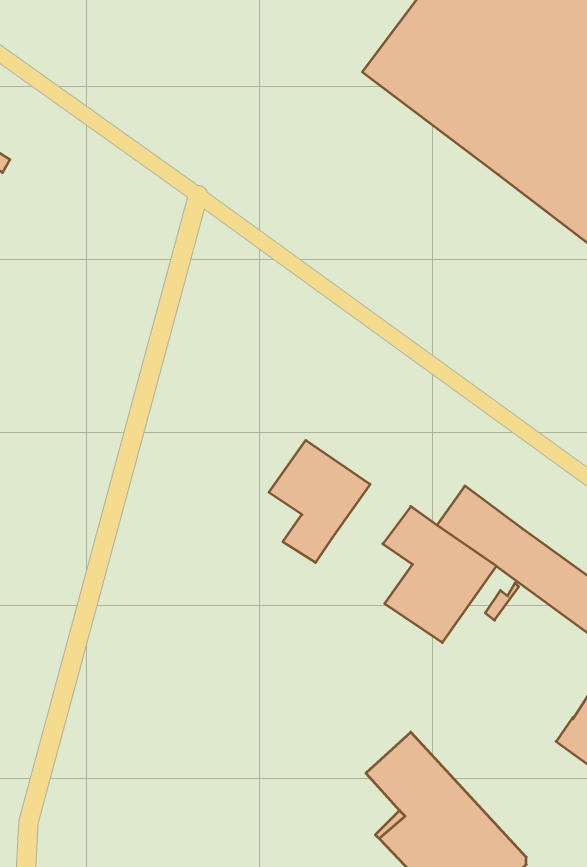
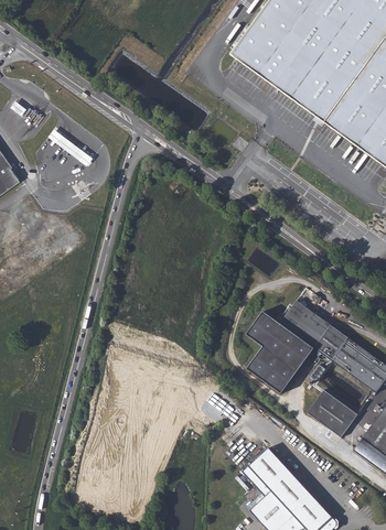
building: [269,440,370,563] -> none
building: none -> [305,390,356,439]

